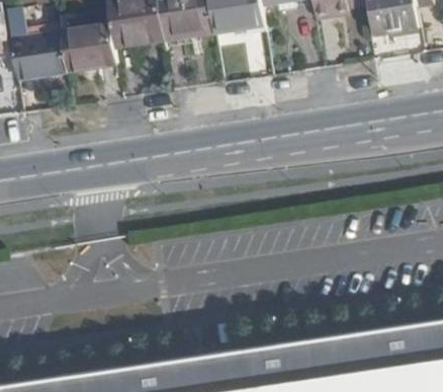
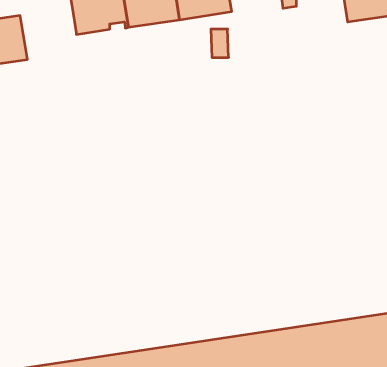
building: [59,24,115,75] -> none

